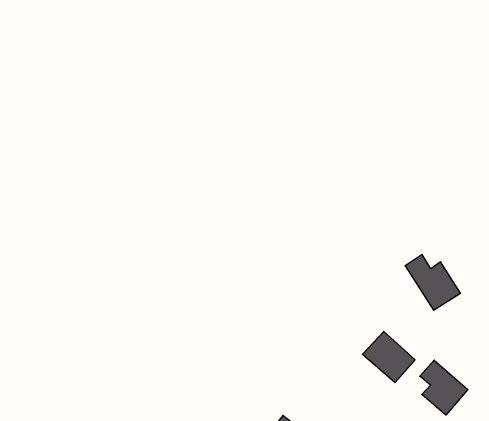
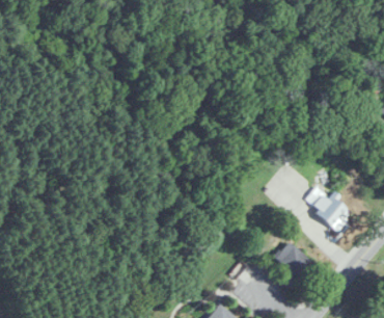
building: [420,360,468,415] -> none

